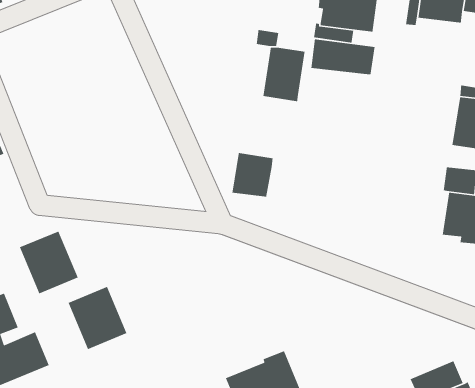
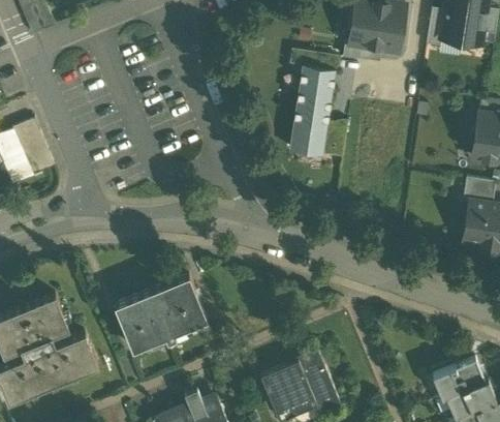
building: [310,39,375,75] -> none
building: [232,152,274,198] -> [288,113,327,155]
building: [19,230,79,295] -> [150,274,206,334]

